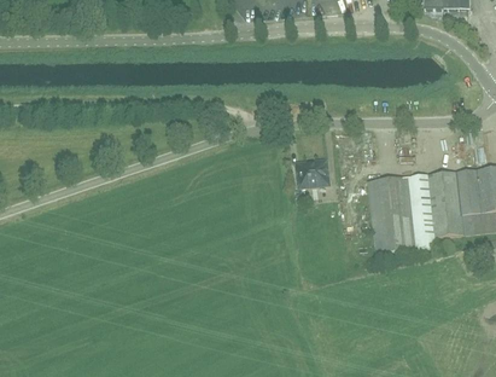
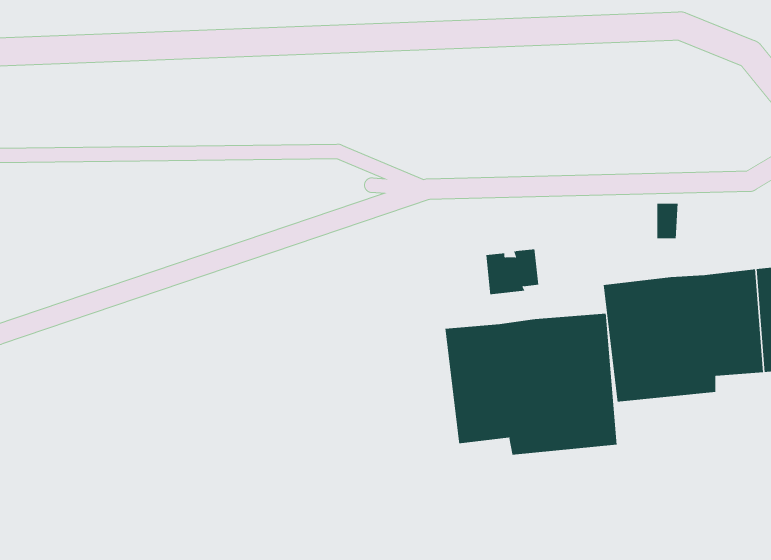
building: none -> [445,313,617,456]

